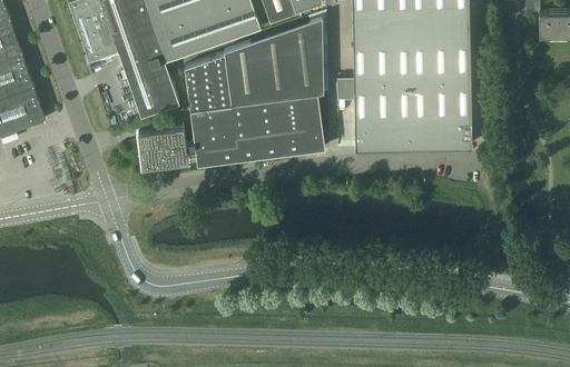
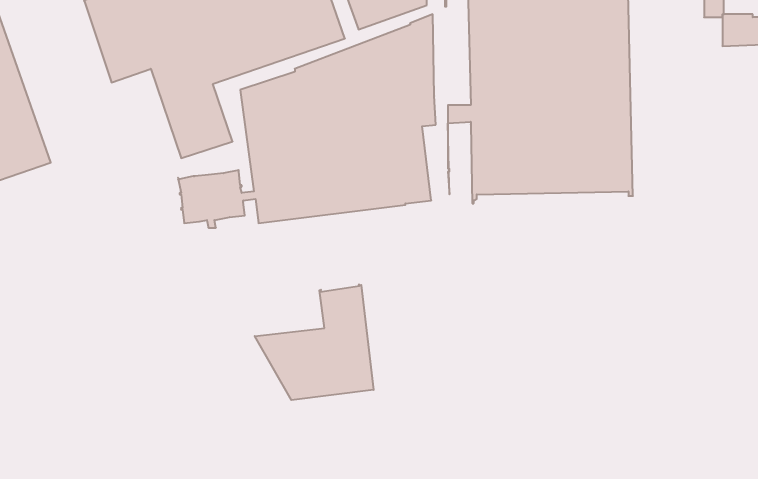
building: none -> [255,284,374,400]

